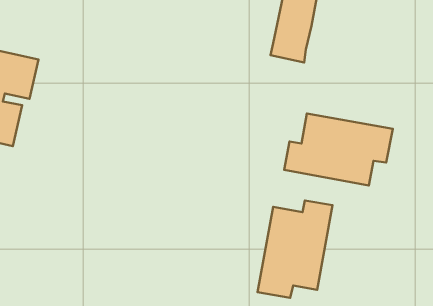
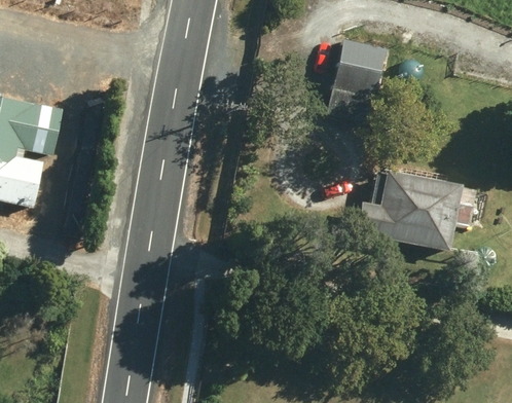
building: [257,200,333,298] -> none

